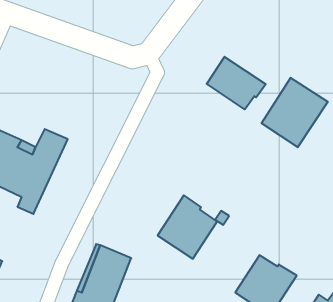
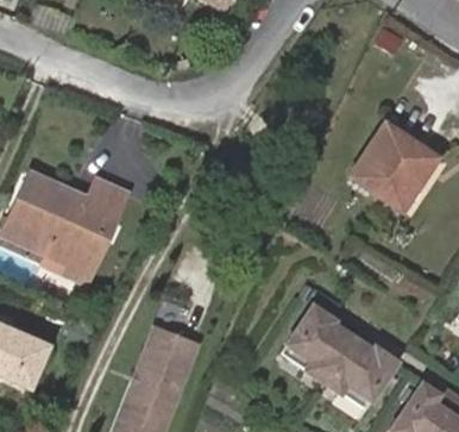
building: [207,57,266,109] -> none
building: [158,195,217,259] -> [282,303,352,378]

